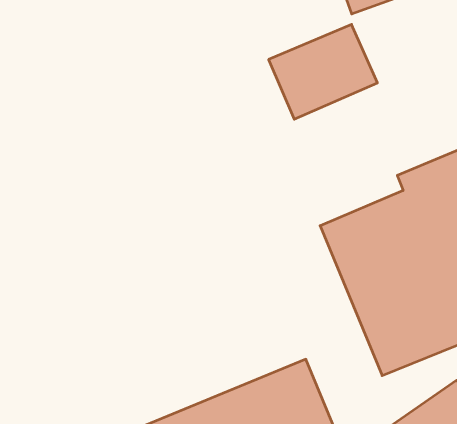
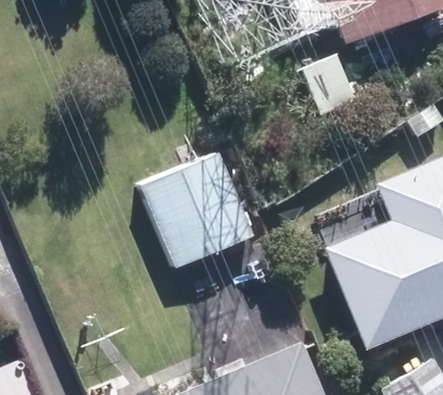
building: none -> [132,150,259,278]

